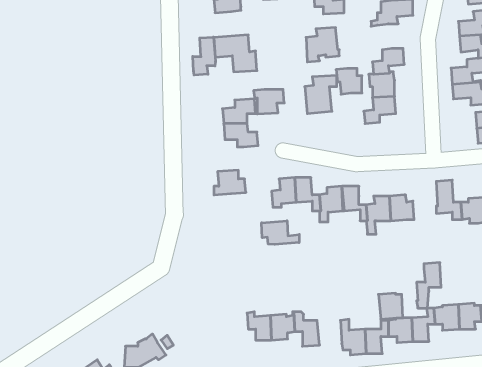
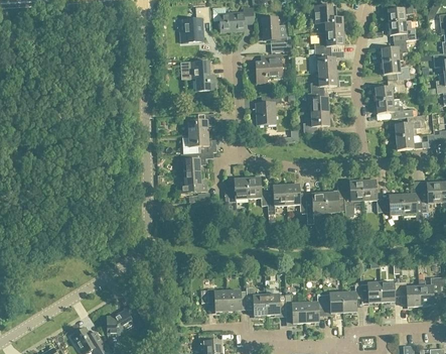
building: [193,37,215,75] -> none
building: [336,68,362,94] -> [314,51,335,73]
building: [254,89,284,114] -> [180,152,205,172]
building: [262,221,299,244] -> none
building: [417,263,441,308] -> [343,181,363,218]
building: [378,293,403,319] -> [265,293,285,315]

